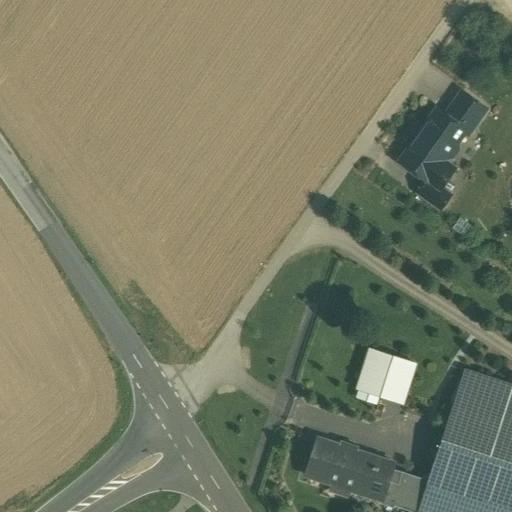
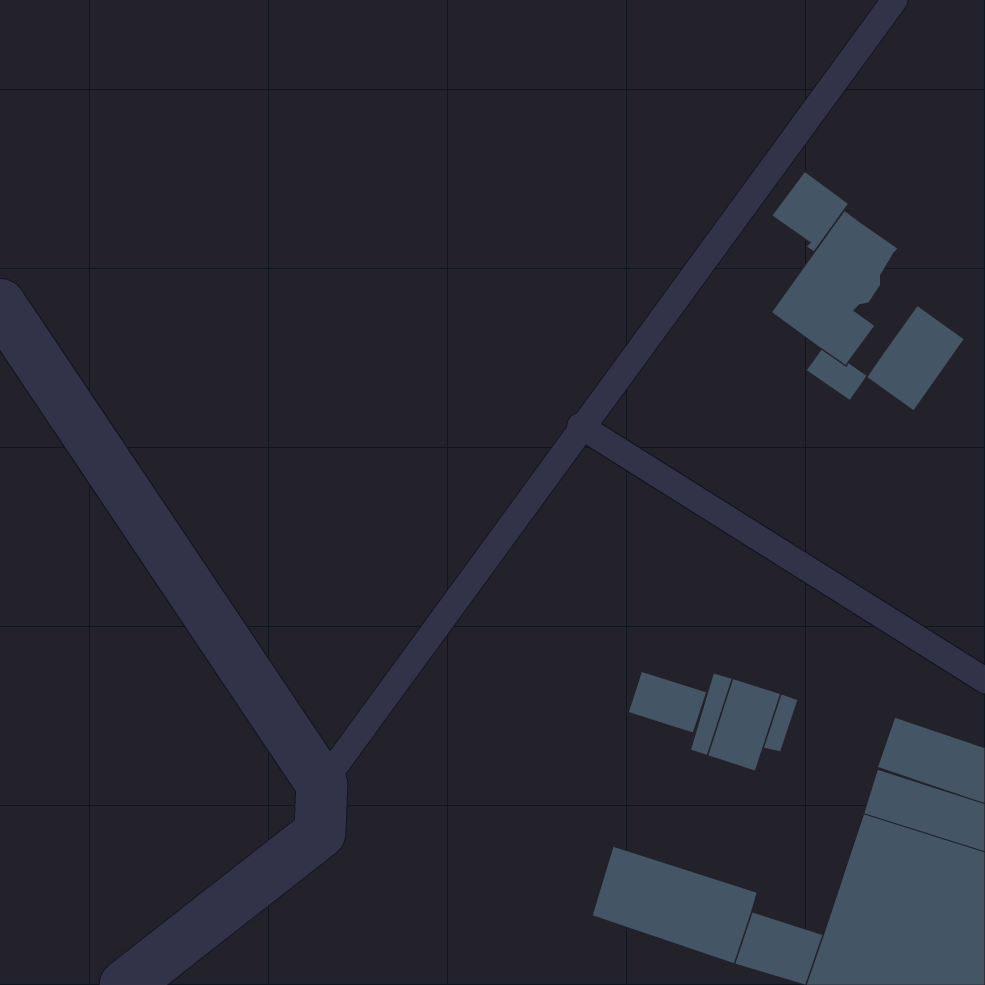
building: [446,92,486,134] -> [772,171,849,252]
building: none -> [866,305,965,411]
building: none -> [628,671,707,733]

